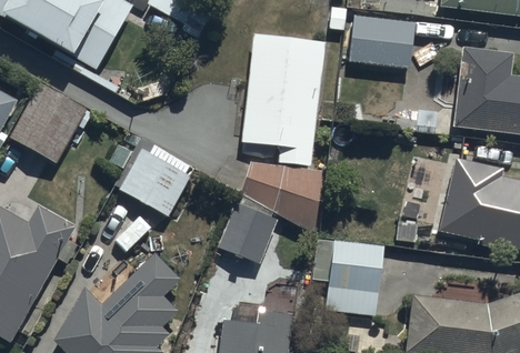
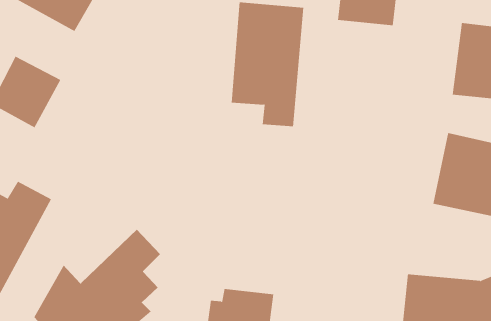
building: [121,148,191,212] -> none
building: [246,160,317,229] -> none
building: [220,201,286,262] -> none
building: [328,243,379,312] -> none

